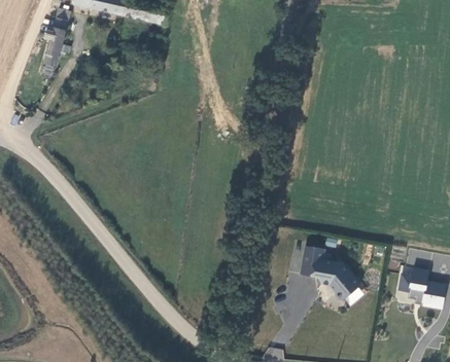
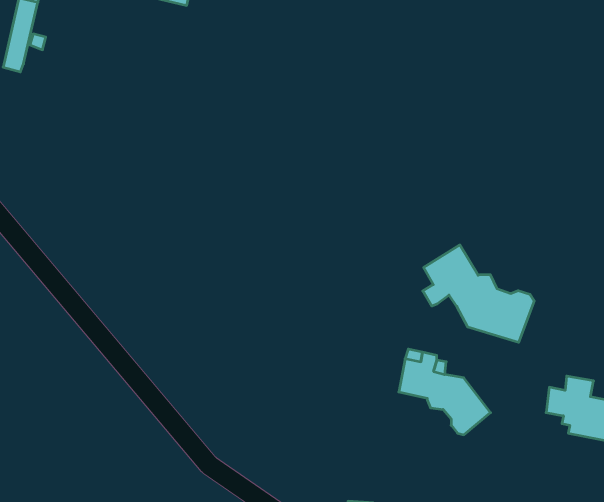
building: none -> [423,245,534,342]

